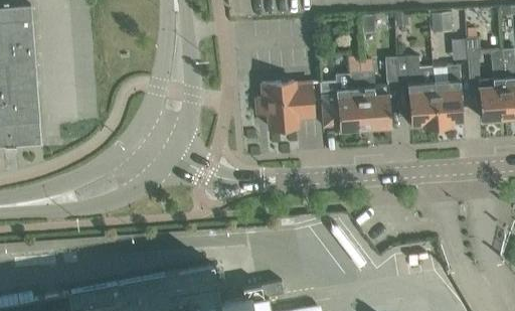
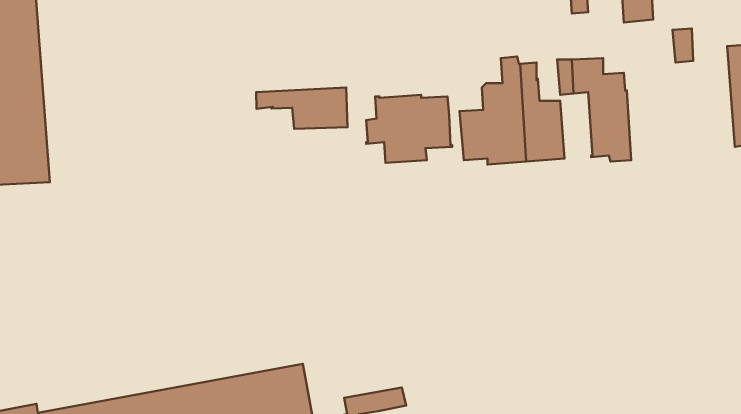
building: [478,50,507,121] -> none
building: [434,66,464,128] -> none
building: none -> [256,88,347,129]

